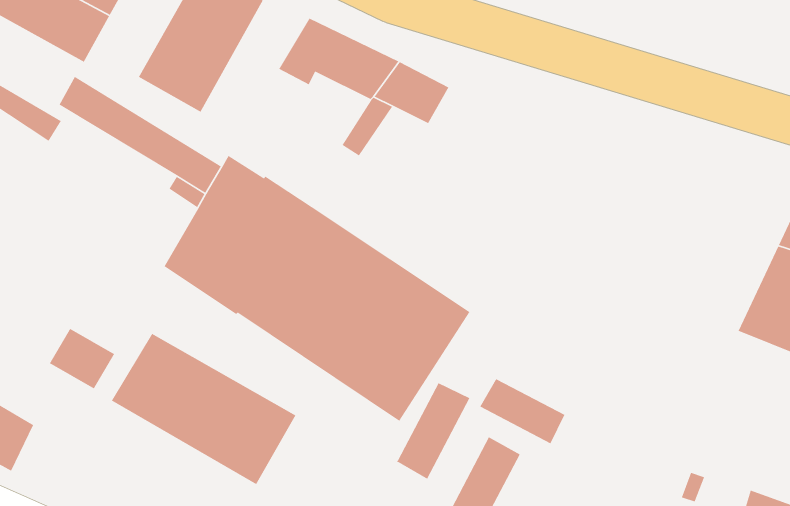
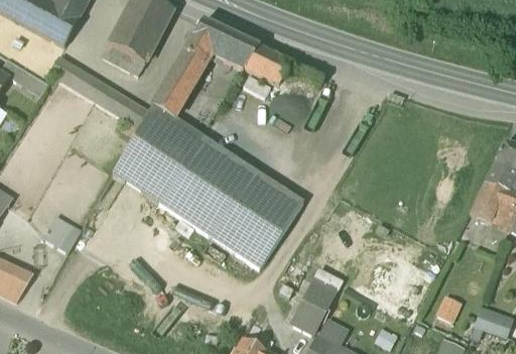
building: none -> [153,49,208,117]
building: [111,333,296,485] -> none
building: [479,378,566,444] -> none
building: [396,382,470,480] -> none

